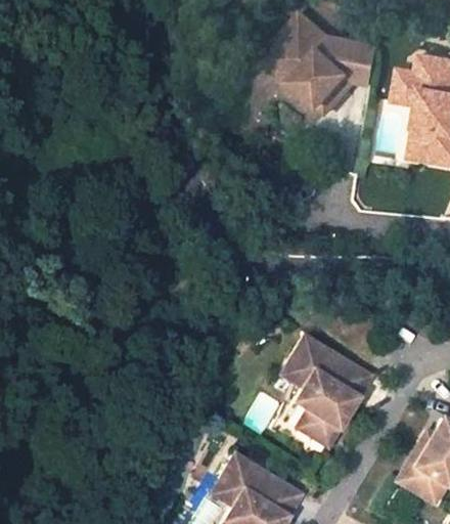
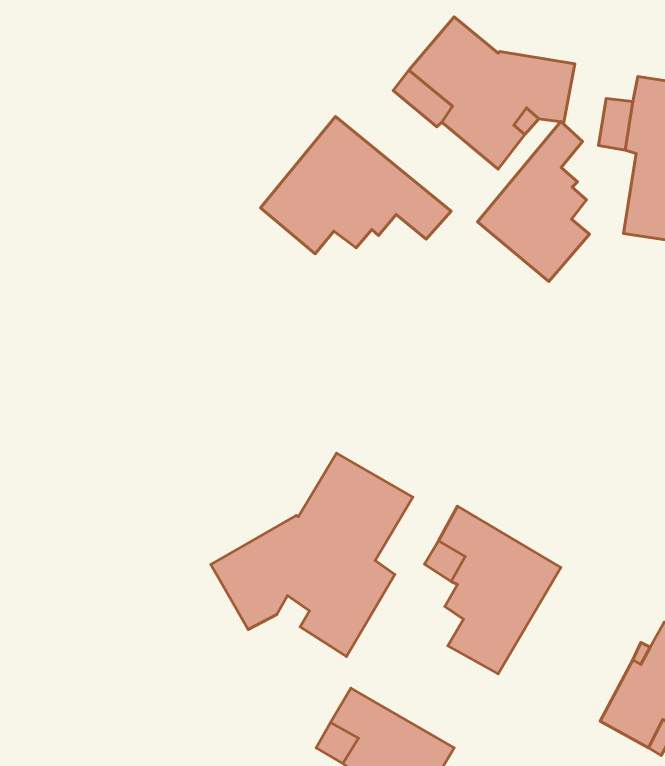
building: none -> [261,116,451,254]
building: none -> [477,122,590,281]
building: none -> [211,453,413,657]

